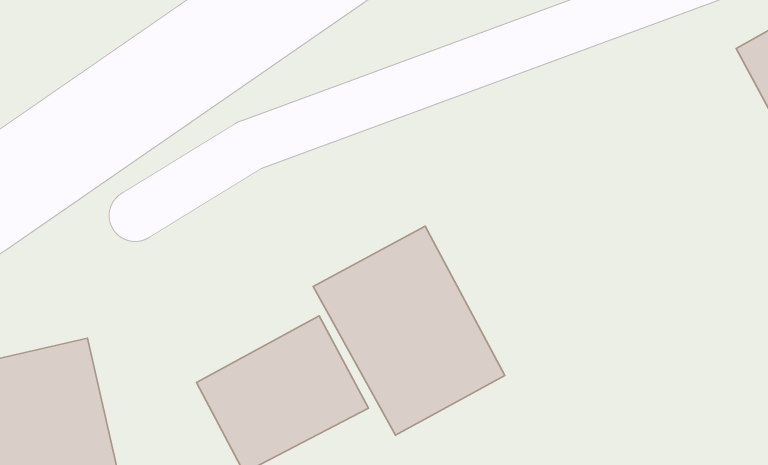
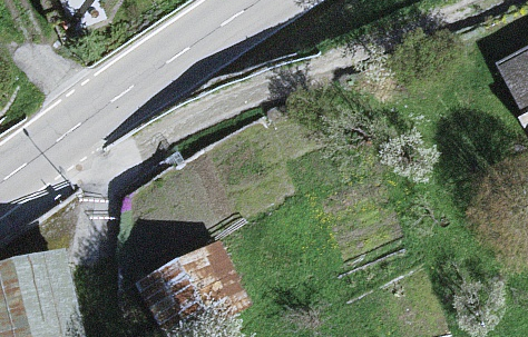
building: [313,226,505,435] -> none

